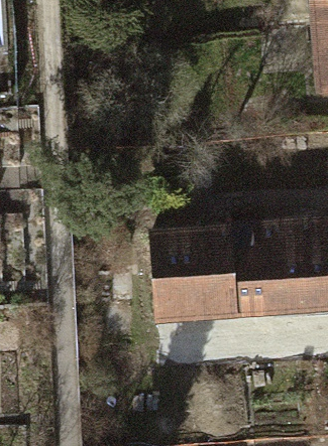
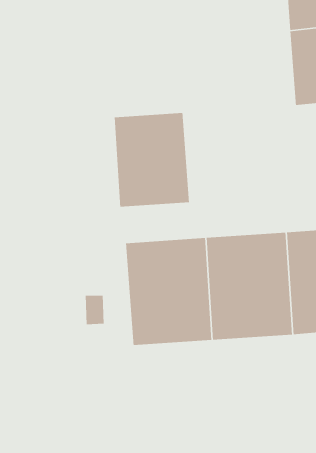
building: none -> [114,112,190,208]

